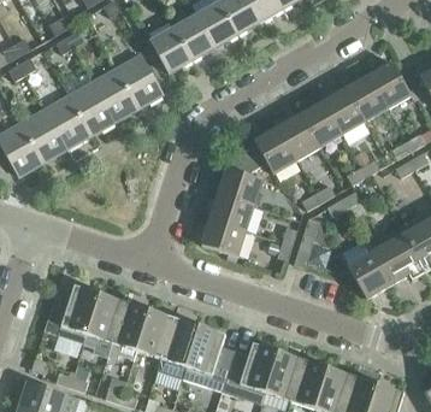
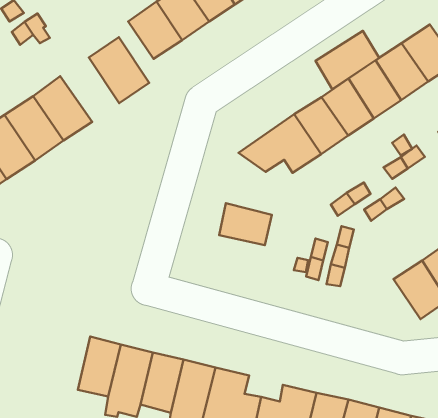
building: none -> [316,31,379,89]
building: [91,69,137,120] -> none
building: [217,154,261,206] -> none
building: [201,219,246,257] -> none
building: [43,284,100,343] -> none

